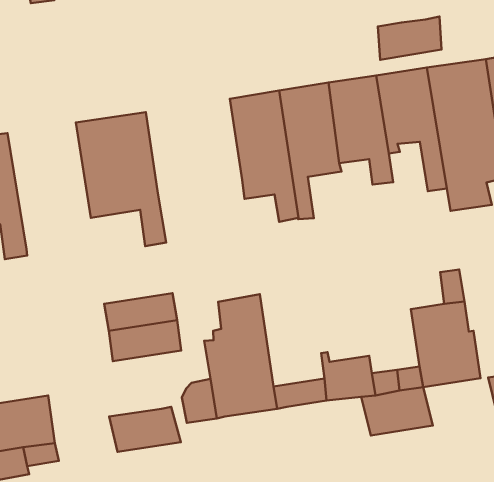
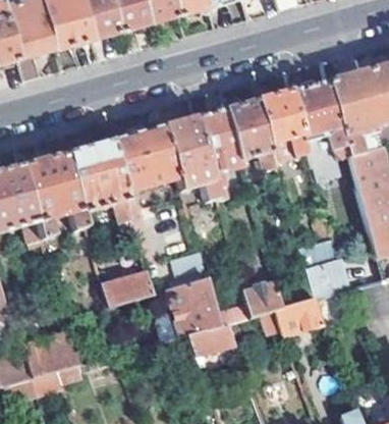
building: [378,16,442,60] -> none
building: none -> [110,126,178,194]
building: none -> [21,154,87,241]
building: [109,407,181,452] -> [185,323,234,357]

